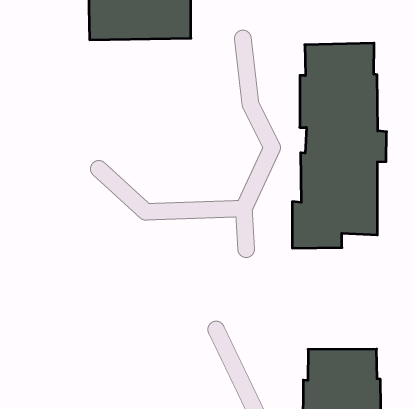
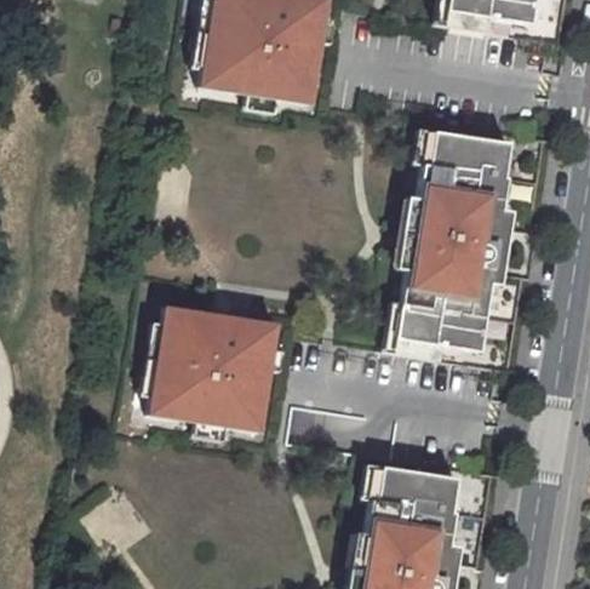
building: none -> [150,305,279,431]

